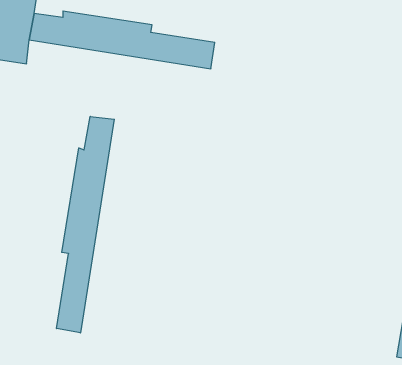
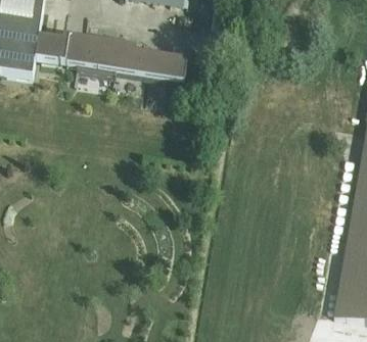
building: [57,116,114,333] -> none

